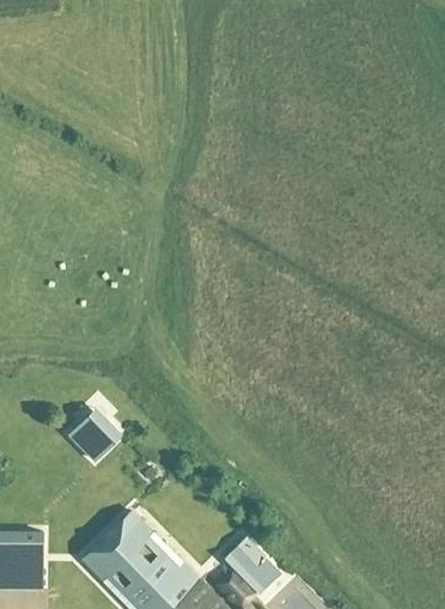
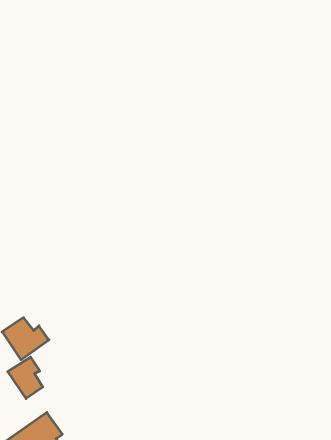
building: none -> [8,357,43,399]

